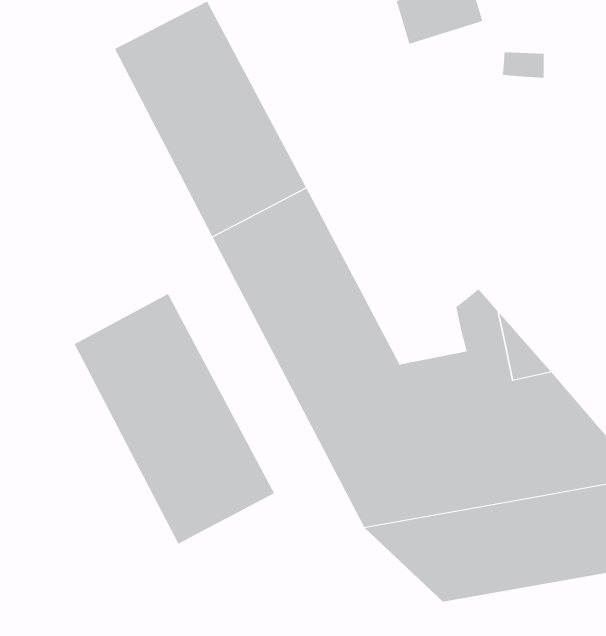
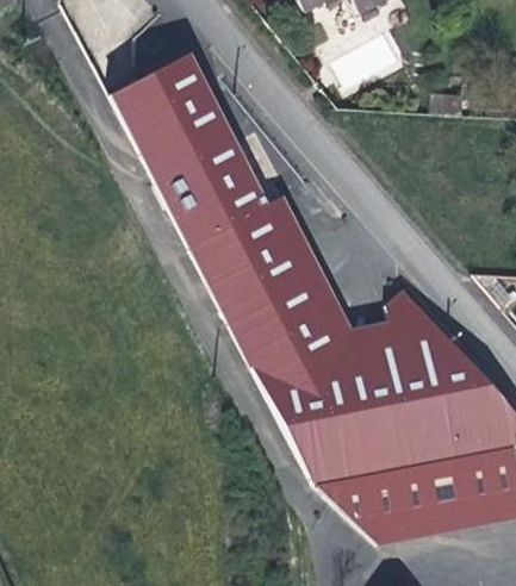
building: none -> [267,197,397,350]
building: [74,293,275,545] -> none

